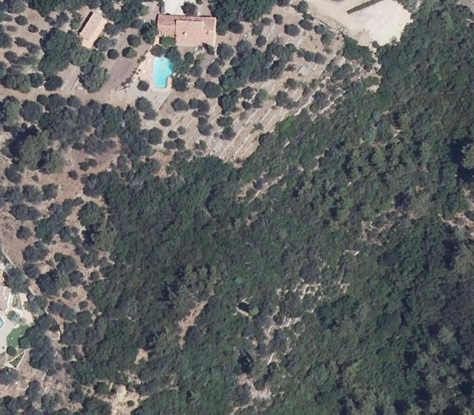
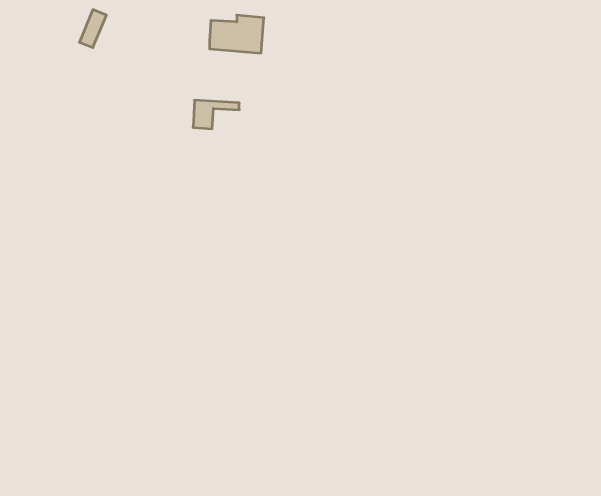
building: [163,14,197,35] -> [193,100,239,129]

